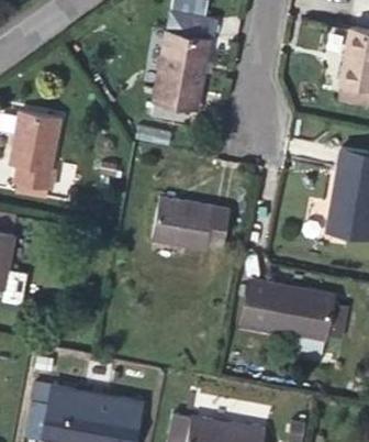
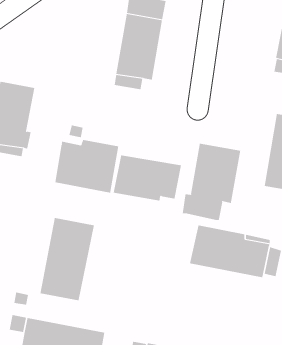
building: none -> [55,139,119,194]
building: none -> [182,143,241,221]
building: none -> [40,217,95,301]

